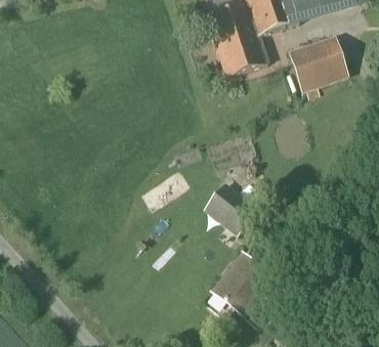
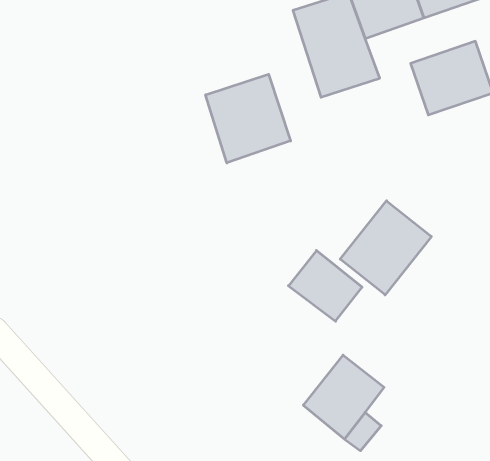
building: none -> [206,74,291,163]
building: none -> [340,201,431,295]

